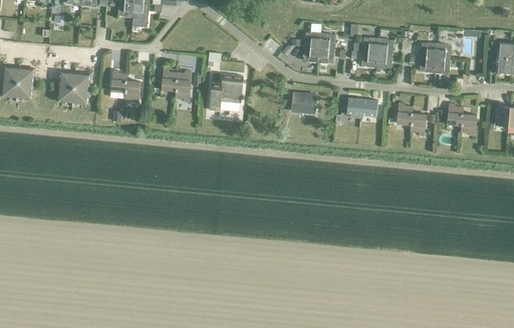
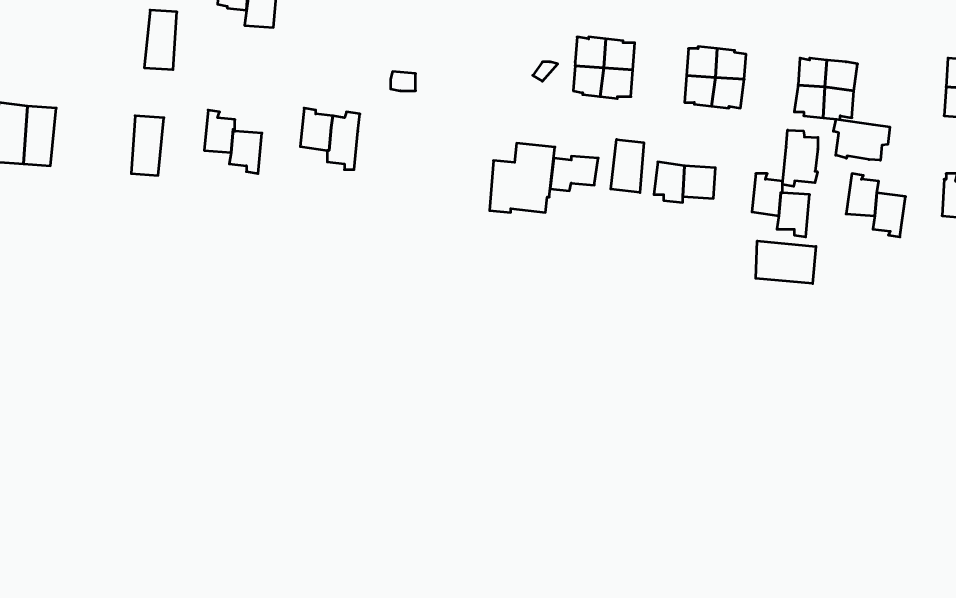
building: [57,71,74,102] -> [144,10,177,70]
building: none -> [833,119,890,160]
building: [209,74,243,110] -> [490,143,555,212]
building: none -> [783,130,818,186]
building: none -> [611,139,644,193]
building: none -> [756,241,816,284]

